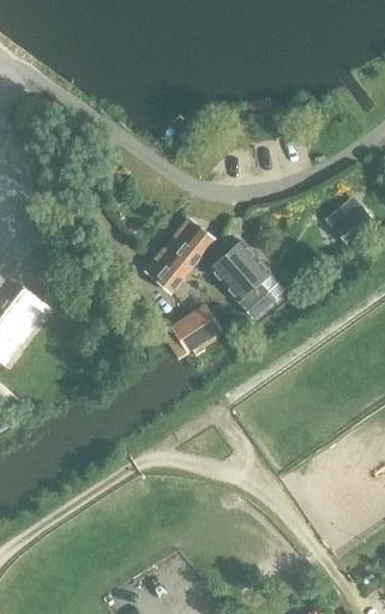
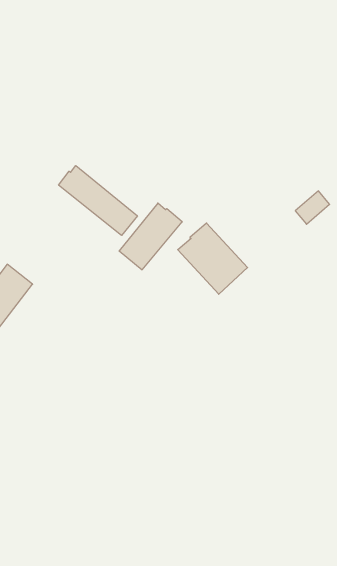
building: none -> [59,166,137,235]
building: [169,305,219,351] -> none

